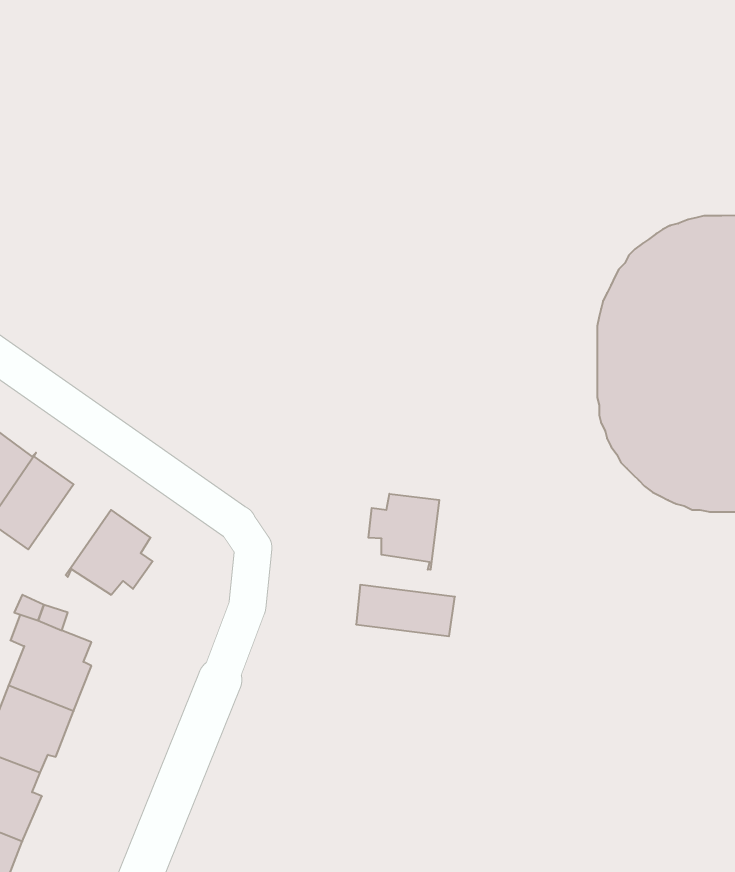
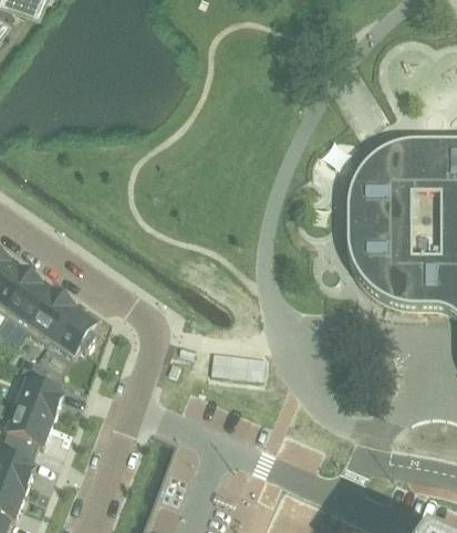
building: none -> [29,291,75,342]
building: [368,494,439,570] -> none

